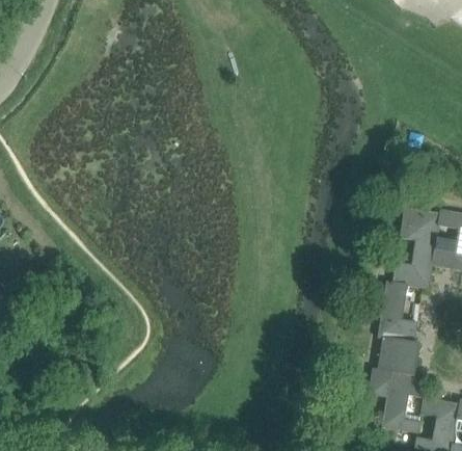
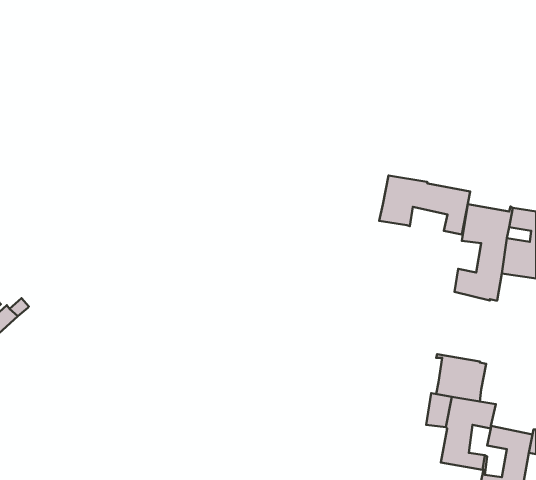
building: none -> [379,175,470,234]
building: [377,281,422,340] -> none

